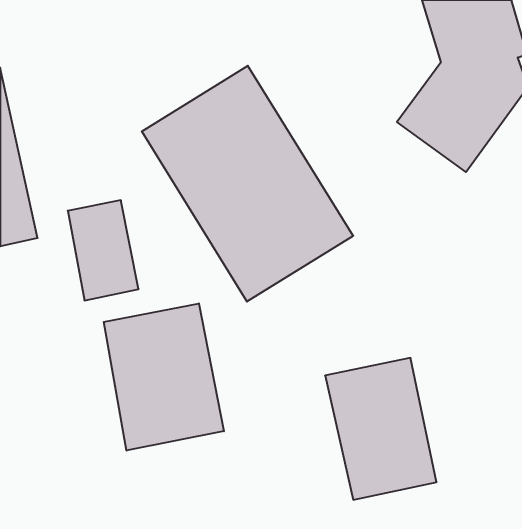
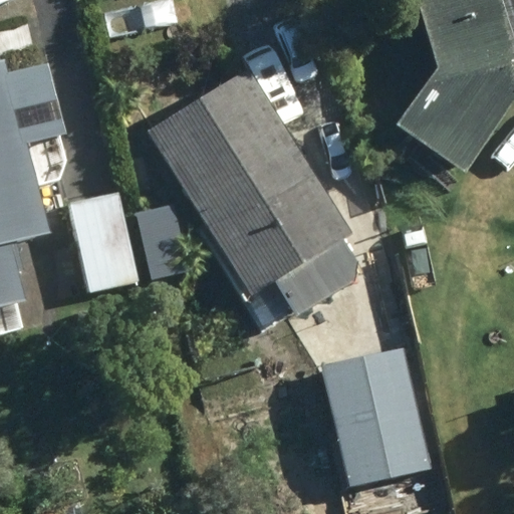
building: [104,303,224,451] -> none

